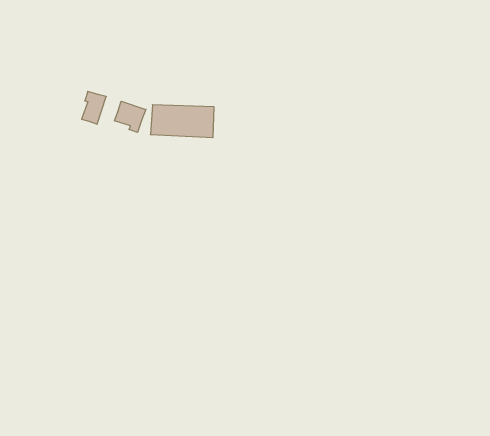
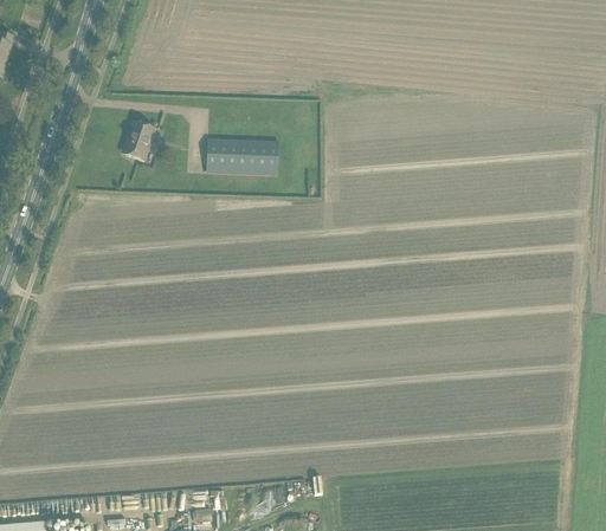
building: [115,101,146,132] -> none

